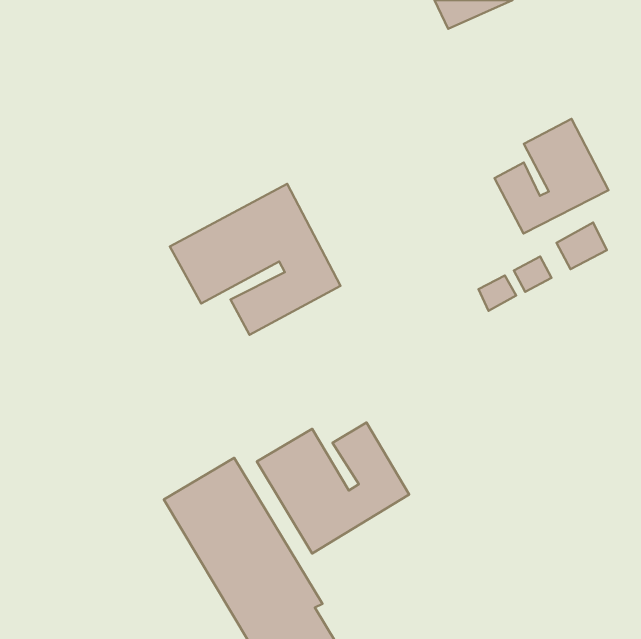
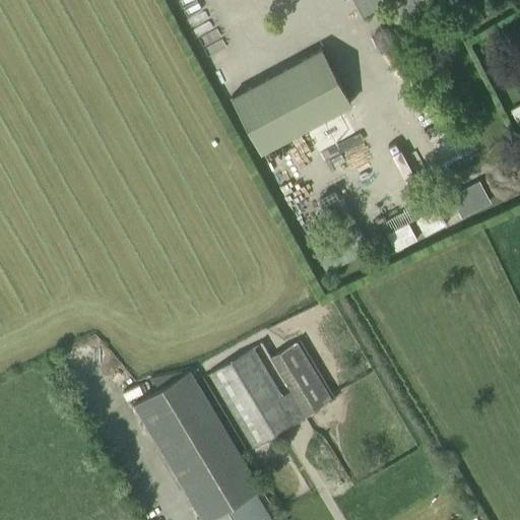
building: none -> [231,50,351,155]
building: [495,119,609,234] -> none
building: [170,184,341,335] -> none

